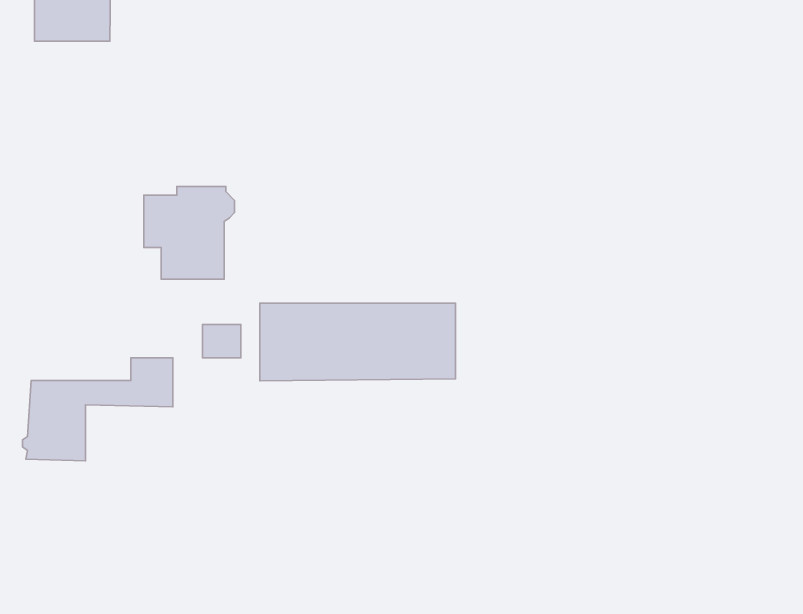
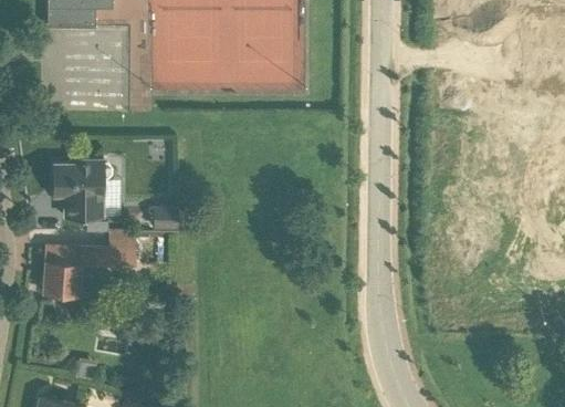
building: [144,186,235,279] -> [54,160,112,219]
building: [260,303,455,381] -> none

